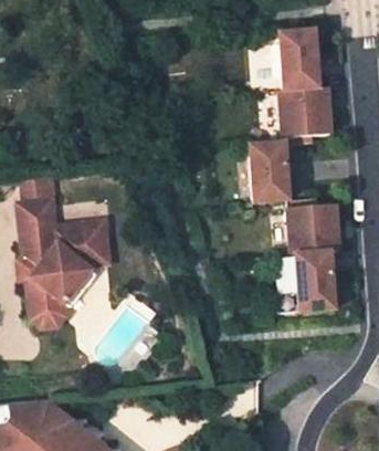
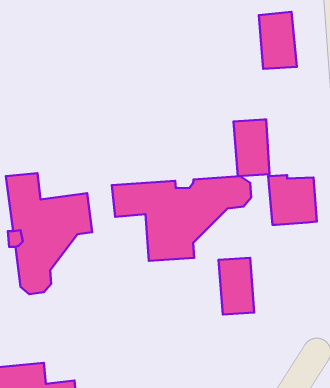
building: [282,86,333,143] -> none
building: none -> [112,176,251,261]
building: [297,251,335,311] -> [218,258,254,315]

